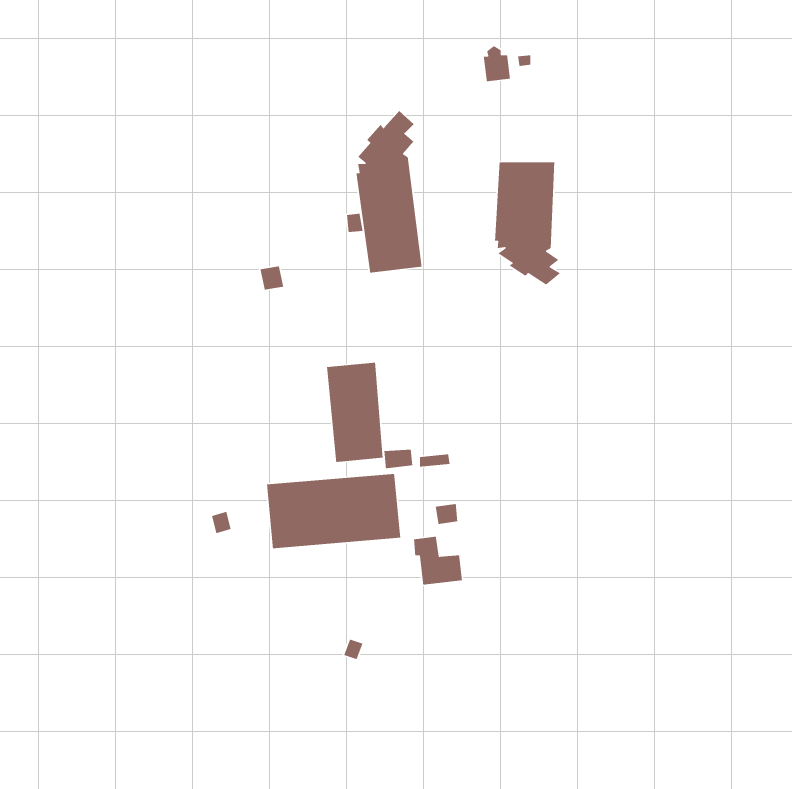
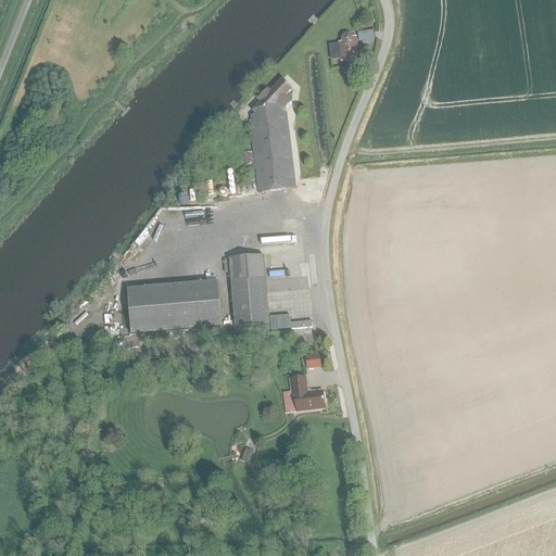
building: [494,162,561,286] -> none
building: [266,473,401,549] -> [127,279,222,332]

